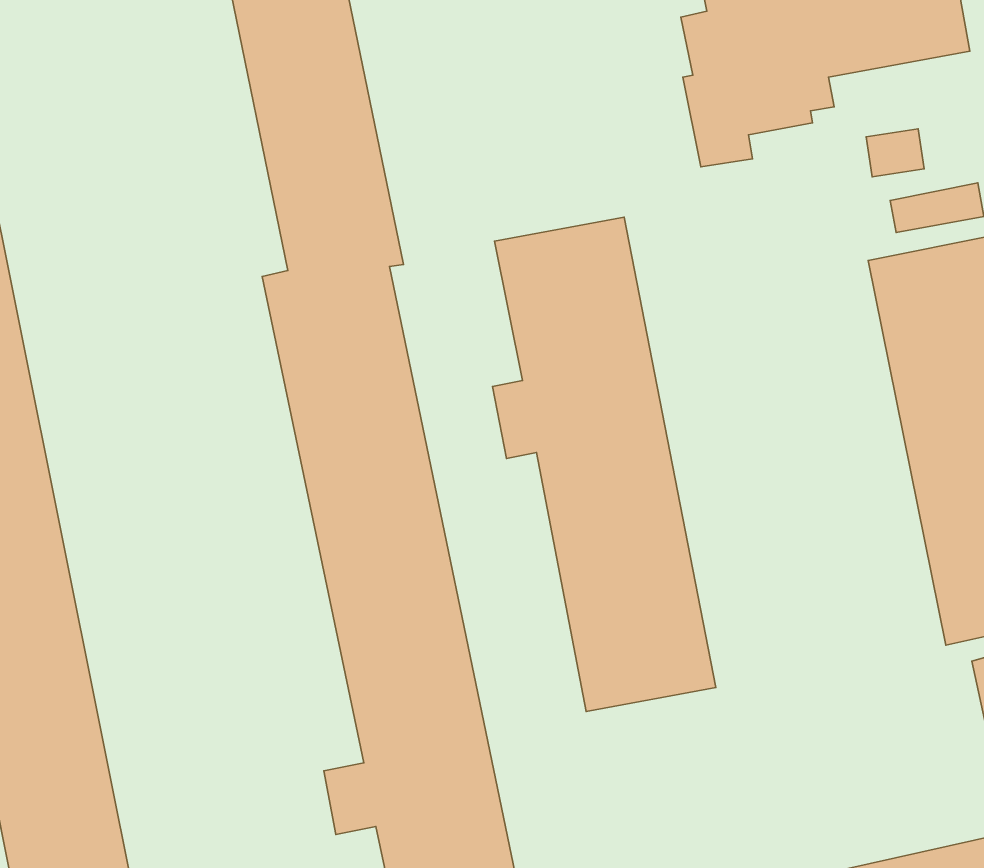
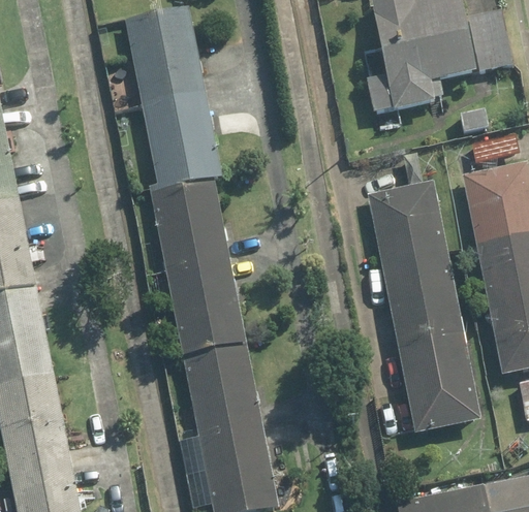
building: [492,217,716,712] -> [365,180,480,436]

